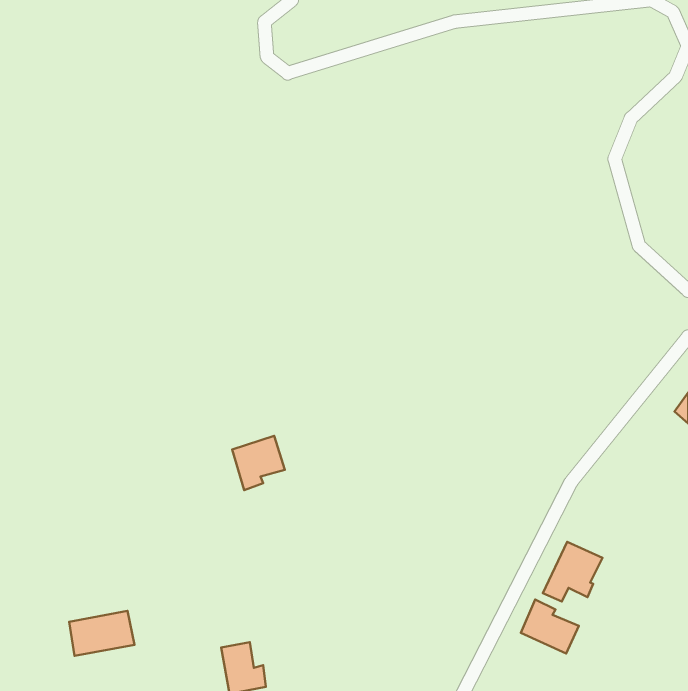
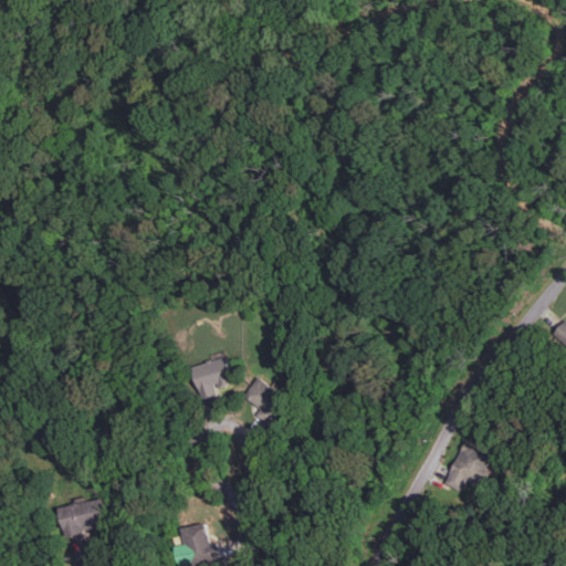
building: none -> [241,378,287,428]
building: [521,599,579,654] -> none

